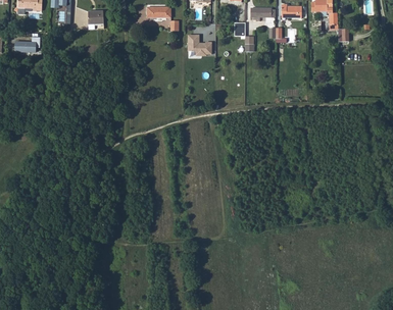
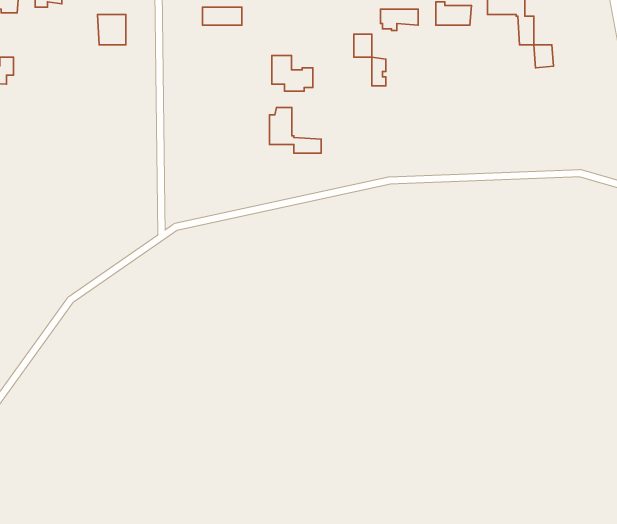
building: none -> [270,108,321,153]

